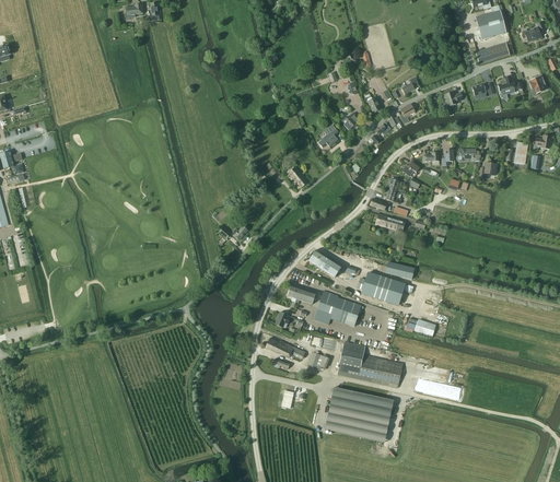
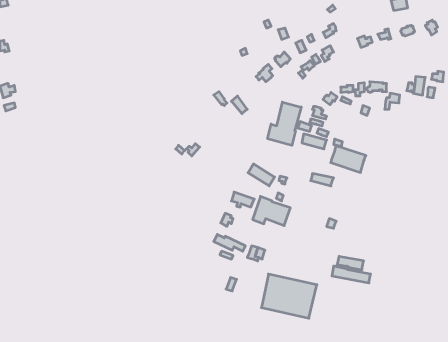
building: none -> [268,102,301,145]
building: [361,272,405,305] -> [331,146,366,172]
building: [337,341,402,388] -> none

